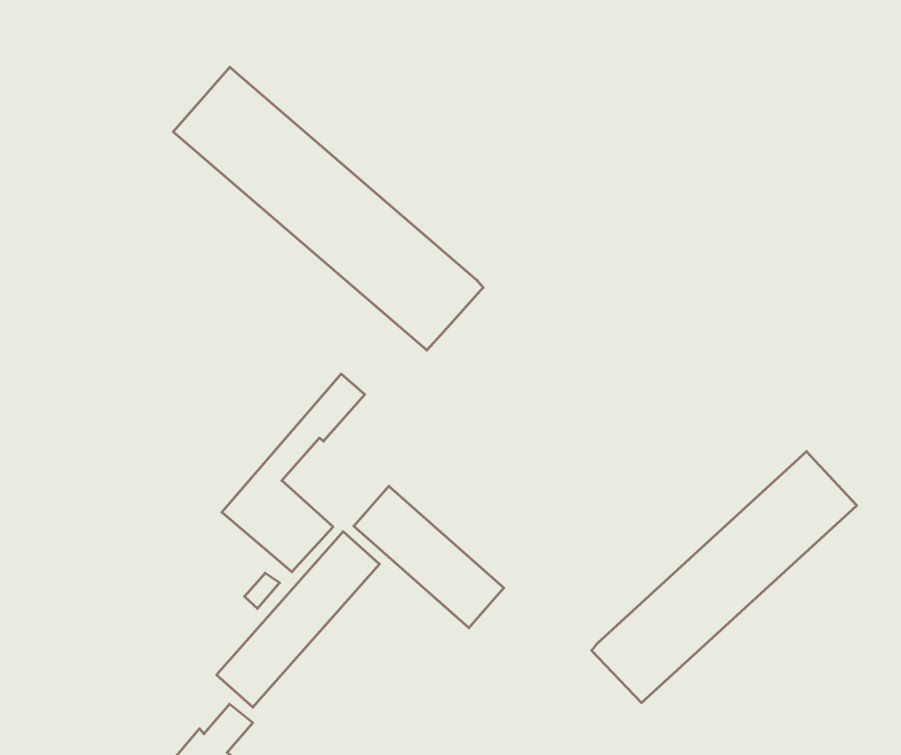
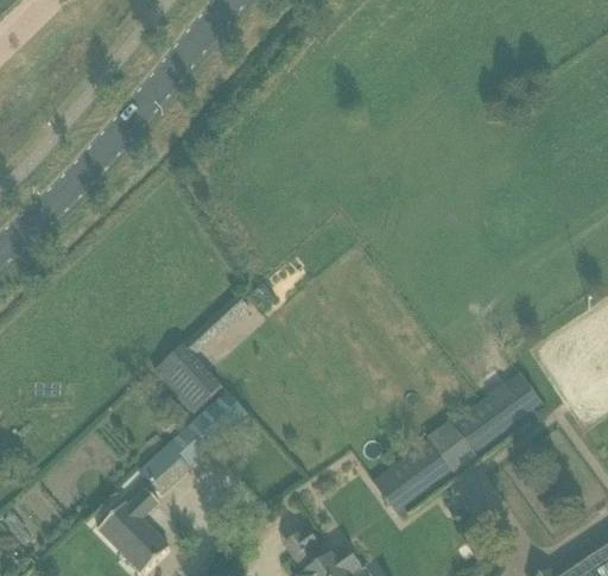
building: [173,67,483,350] -> none
building: [354,486,504,628] -> none

